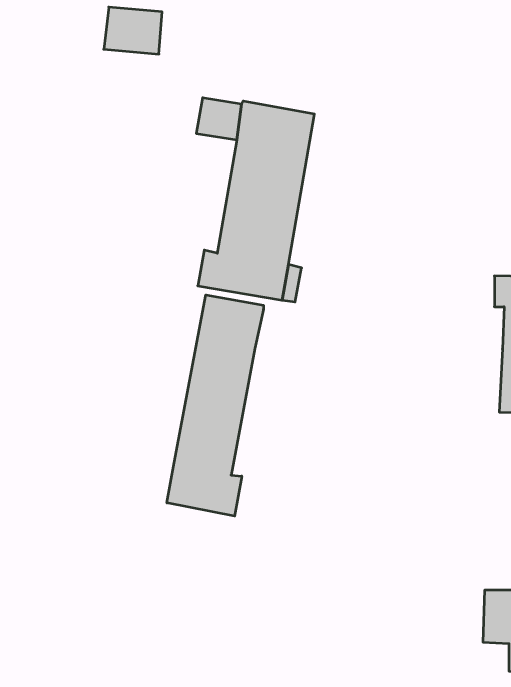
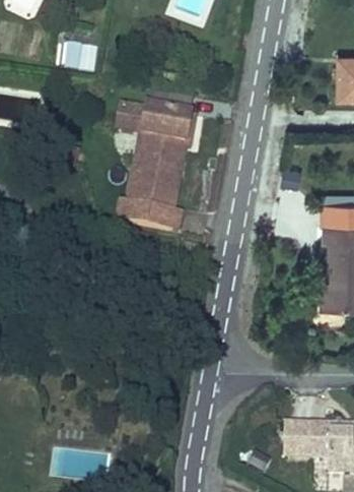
building: [167,295,263,516] -> none
building: none -> [277,417,305,450]

